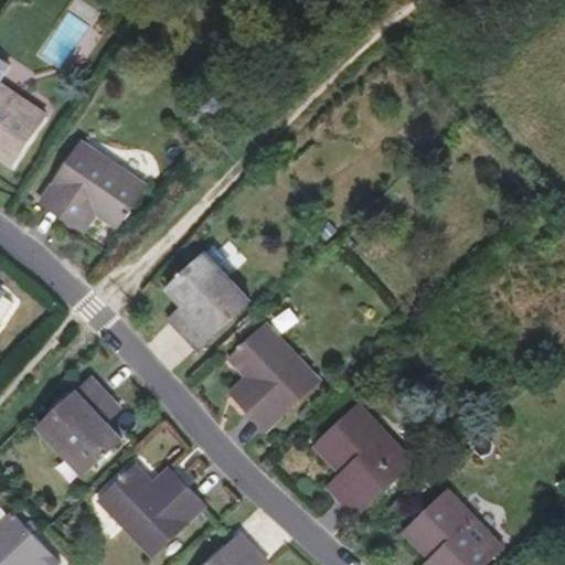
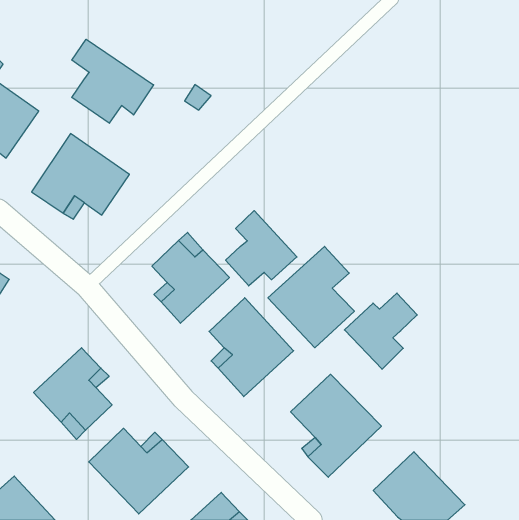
building: none -> [72,39,154,123]
building: none -> [226,211,297,286]
building: none -> [268,246,354,348]
building: none -> [344,293,417,369]

